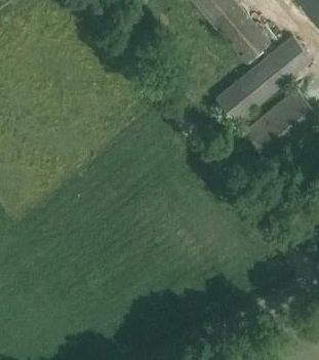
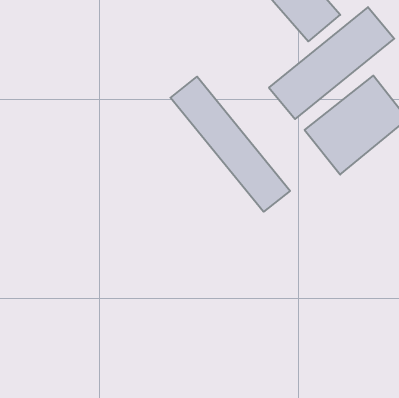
building: none -> [170,77,290,212]

